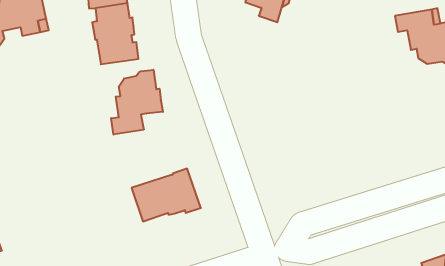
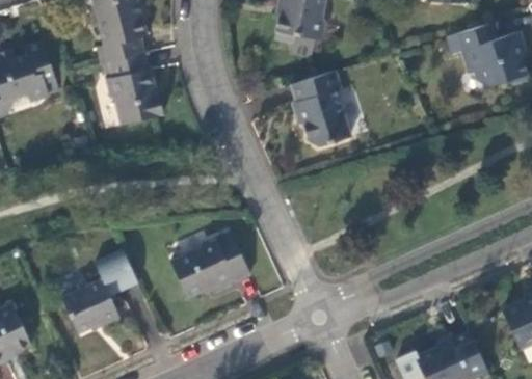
building: none -> [291,71,350,145]
building: [111,70,163,135] -> none
building: none -> [60,251,138,334]

